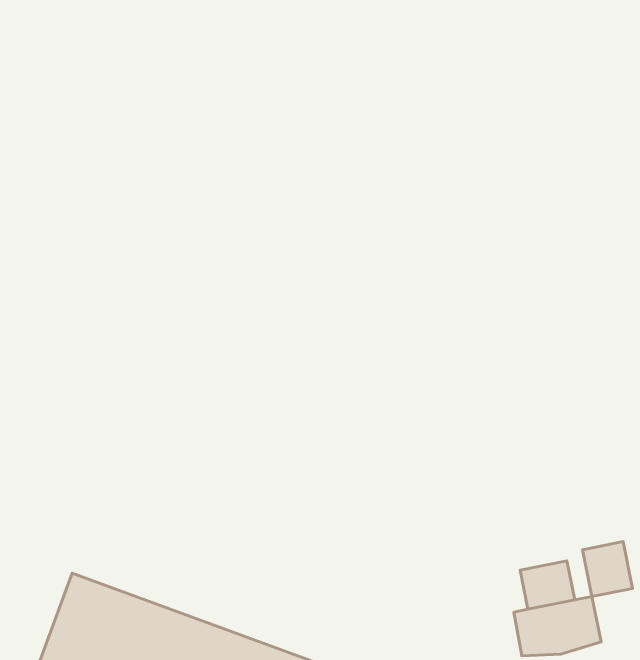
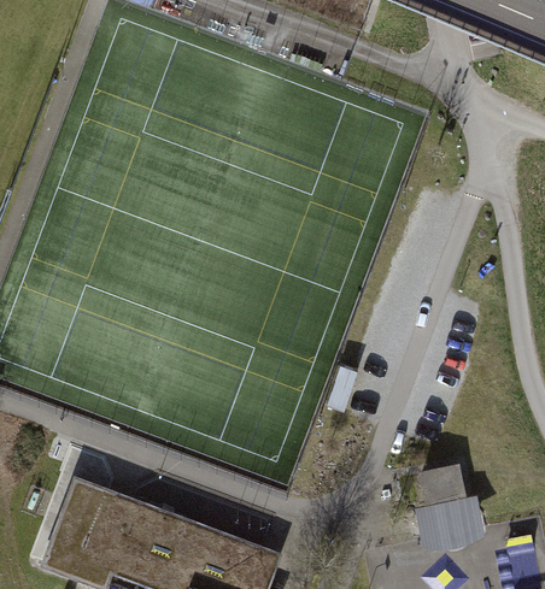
building: [583,542,633,597] -> none

